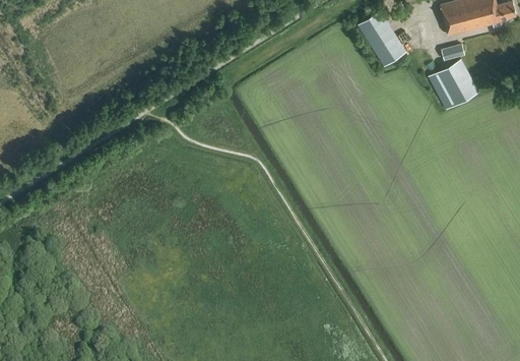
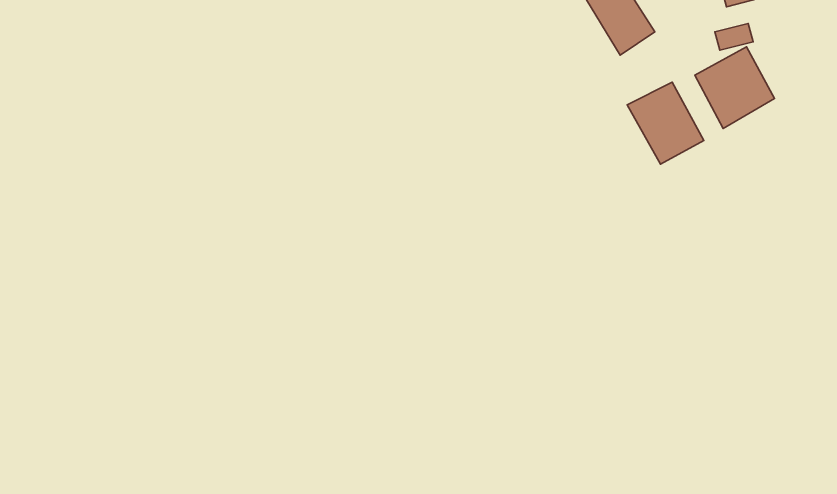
building: none -> [627,82,704,164]

